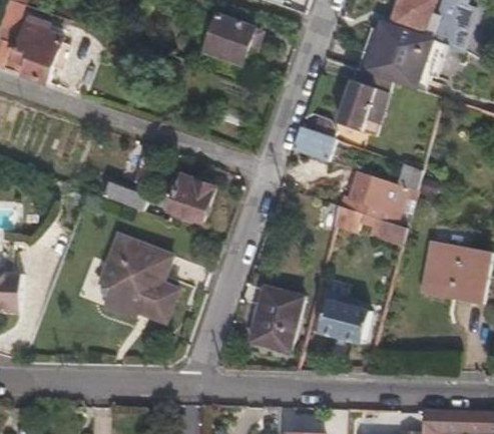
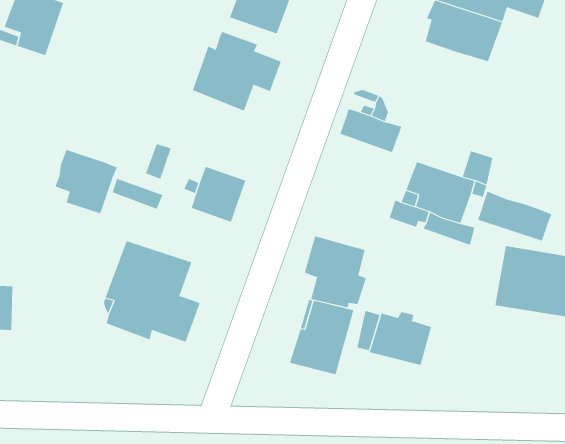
building: none -> [192,31,281,111]
building: [337,68,390,129] -> none
building: none -> [55,149,118,214]
building: none -> [477,191,552,241]
building: none -> [304,236,367,308]

